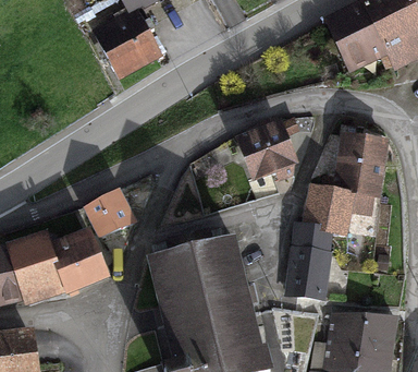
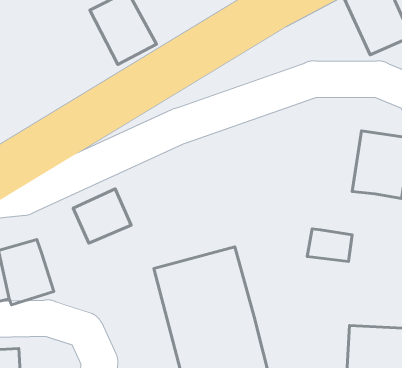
building: [242,127,296,182] -> none
building: [305,188,354,232] -> none
building: [53,235,105,288] -> none
building: [287,250,330,293] -> none

